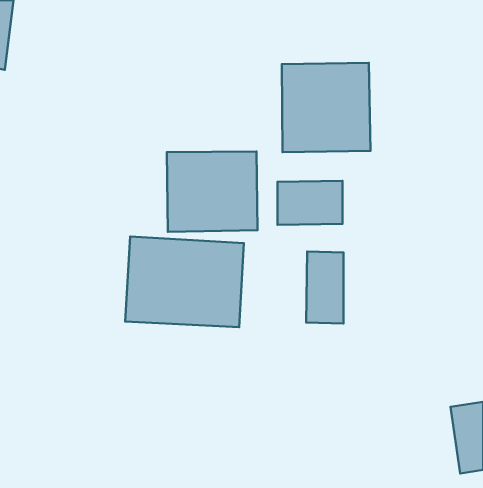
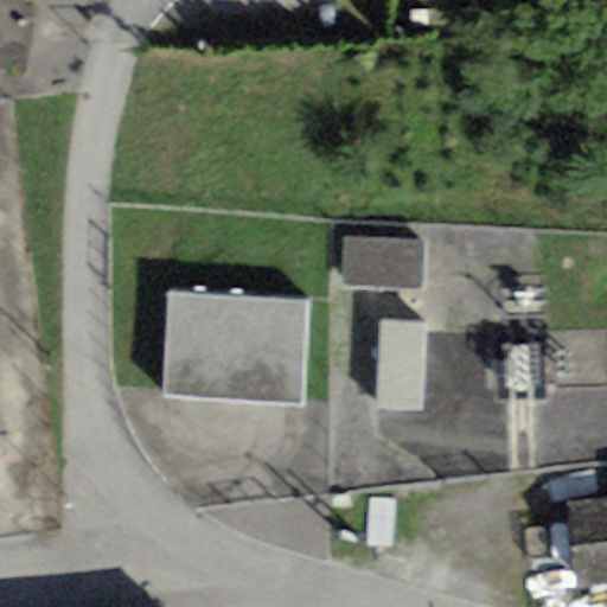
building: [282,63,370,152] -> none
building: [167,151,258,232] -> none

